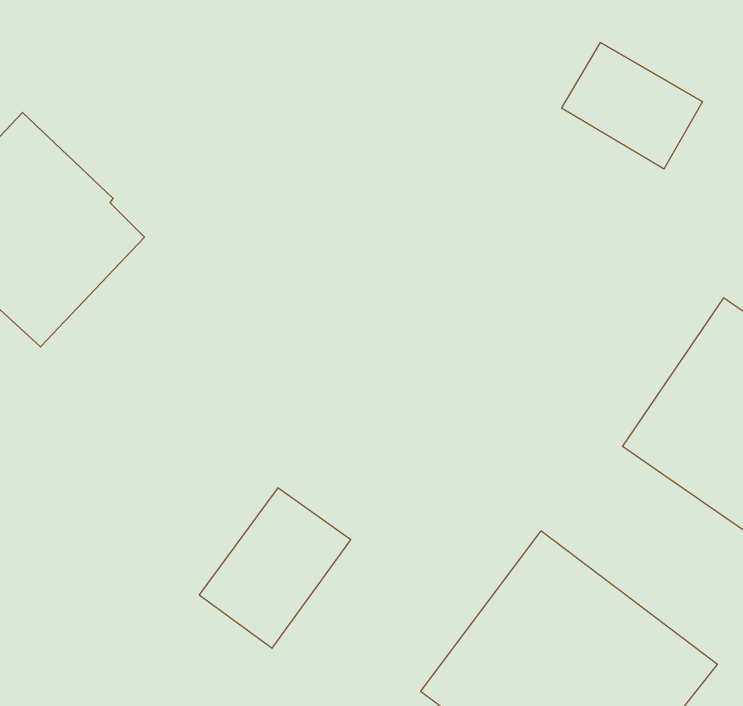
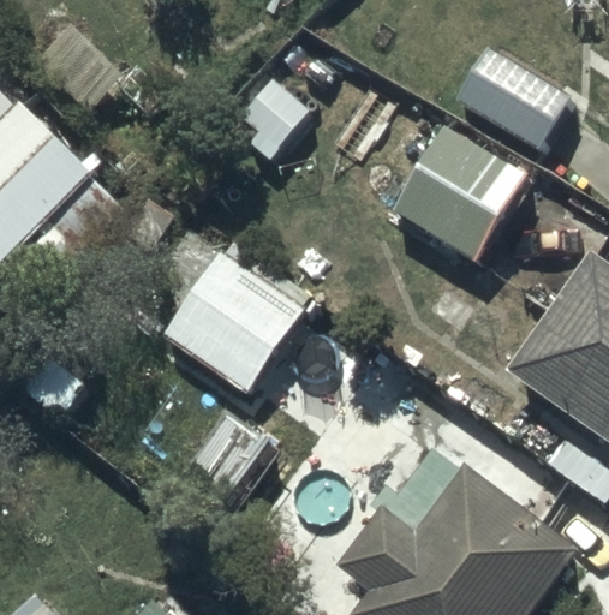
building: none -> [358,123,529,282]
building: none -> [133,232,314,394]

